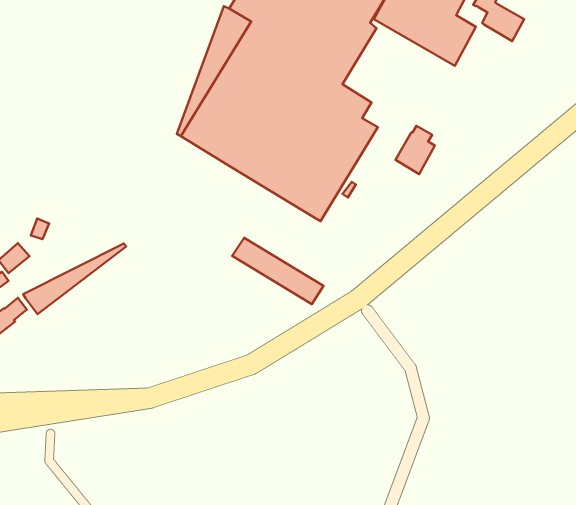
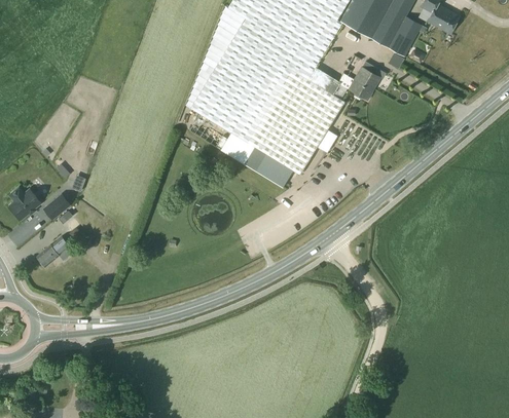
building: [396,126,435,174] -> [349,62,379,100]
building: [232,238,324,304] -> [220,135,292,187]
building: [23,244,126,314] -> none

